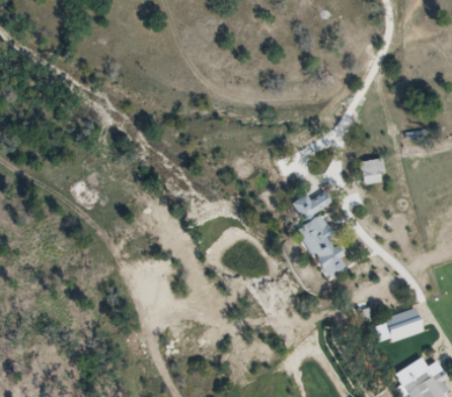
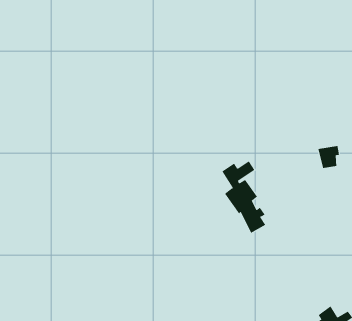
building: [358,159,384,186] -> [317,145,340,169]
building: [384,306,422,341] -> none

